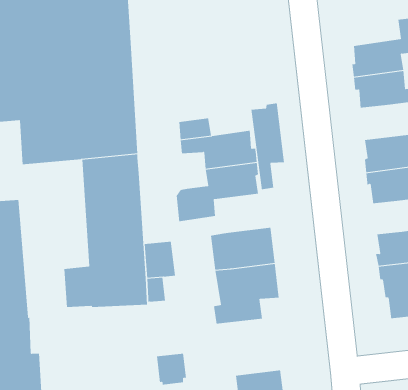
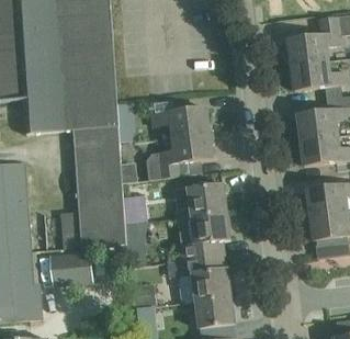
building: [251,102,285,190] -> none
building: none -> [49,250,93,286]
building: none -> [179,255,230,300]

